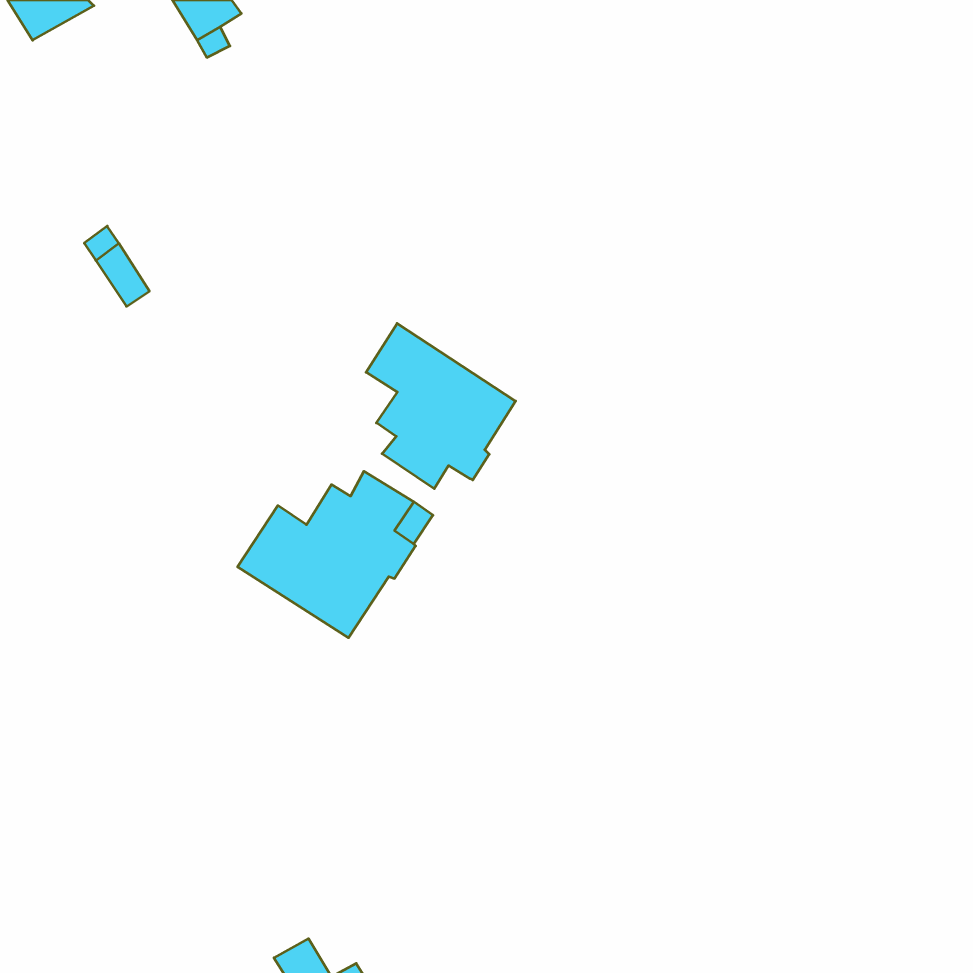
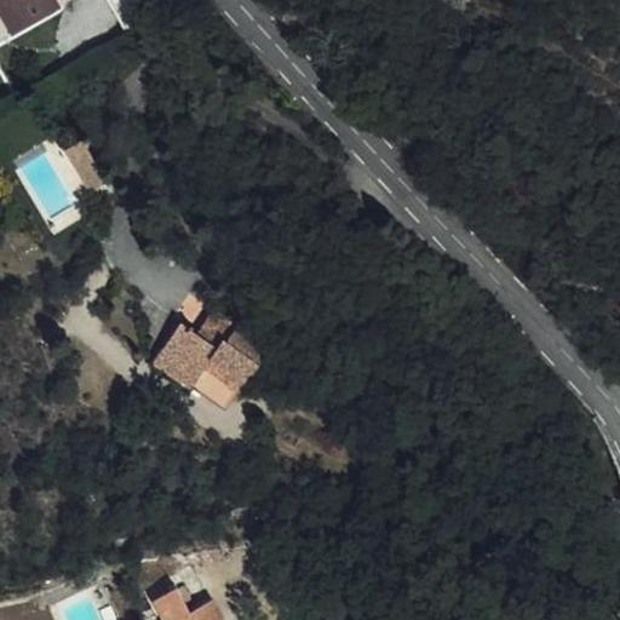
building: [366,323,516,489] -> none

